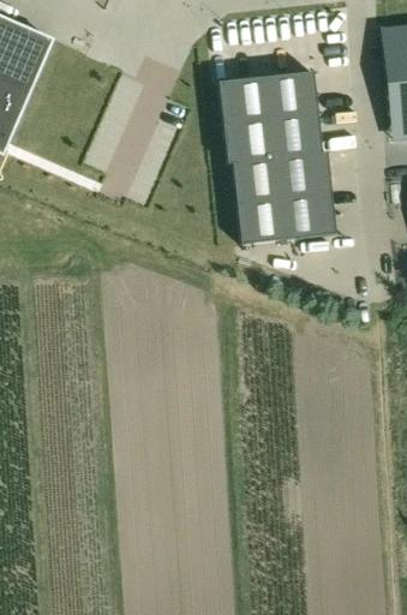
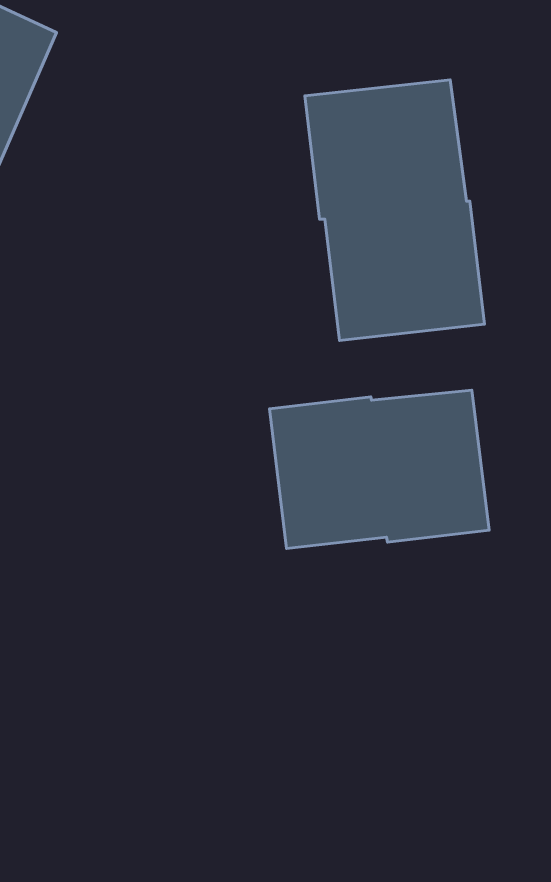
building: none -> [269,390,489,549]

